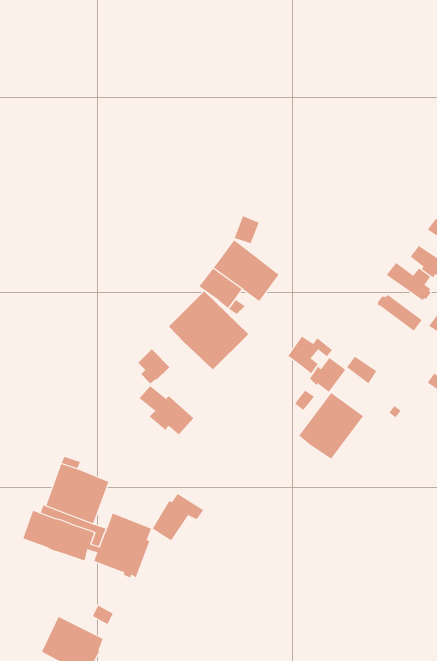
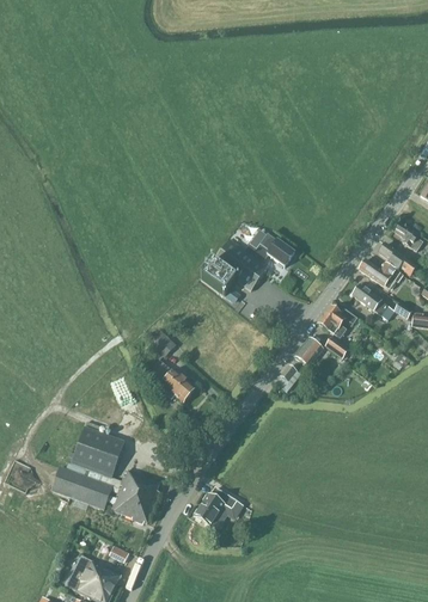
building: none -> [245,235,295,268]
building: [168,290,249,370] -> none
building: [287,336,333,374] -> [319,307,357,339]
building: [298,392,364,459] -> none
building: [152,493,204,541] -> [194,487,238,528]

